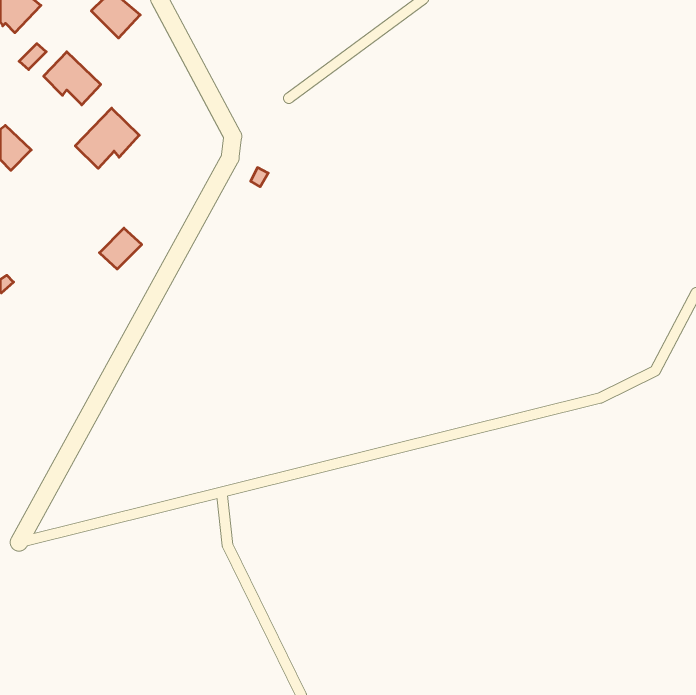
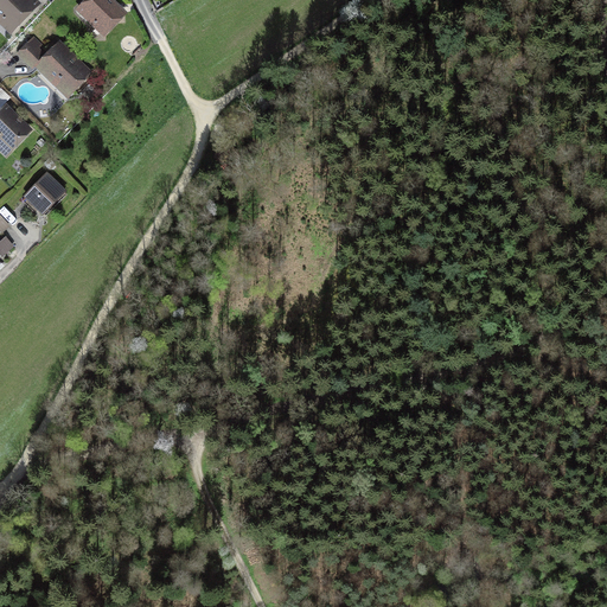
building: [75,108,139,168] -> none
building: [99,228,142,269] -> [25,175,62,211]

